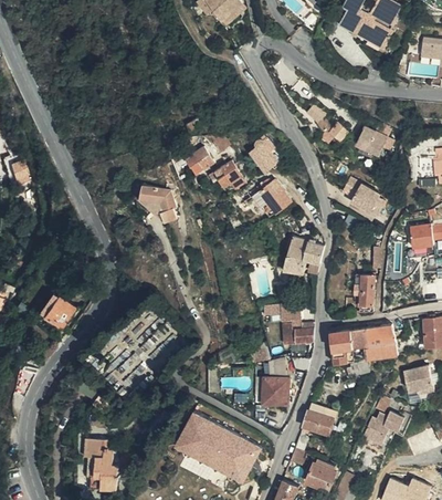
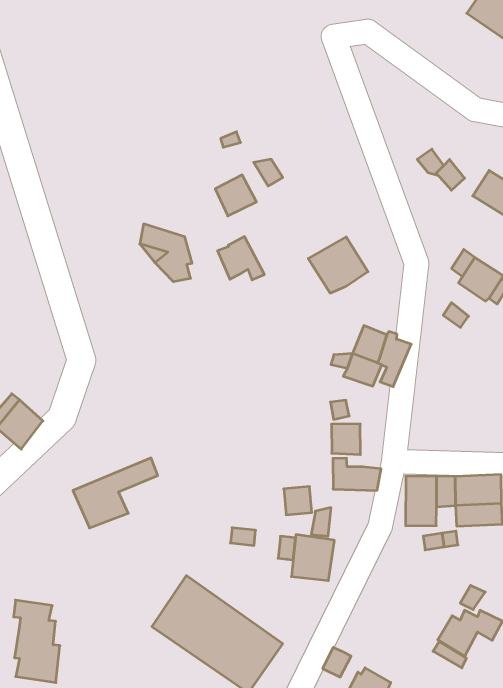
building: [250,138,276,171] -> none
building: [213,160,245,189] -> [218,237,264,280]
building: [352,275,373,305] -> none
building: [301,410,333,436] -> none

